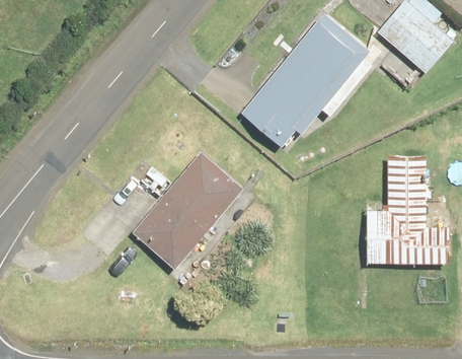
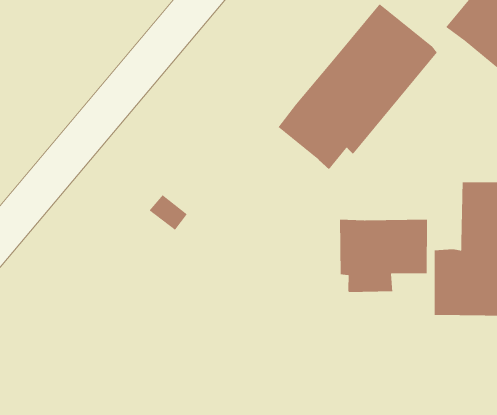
building: [131,151,244,270] -> none
building: none -> [339,219,428,293]

